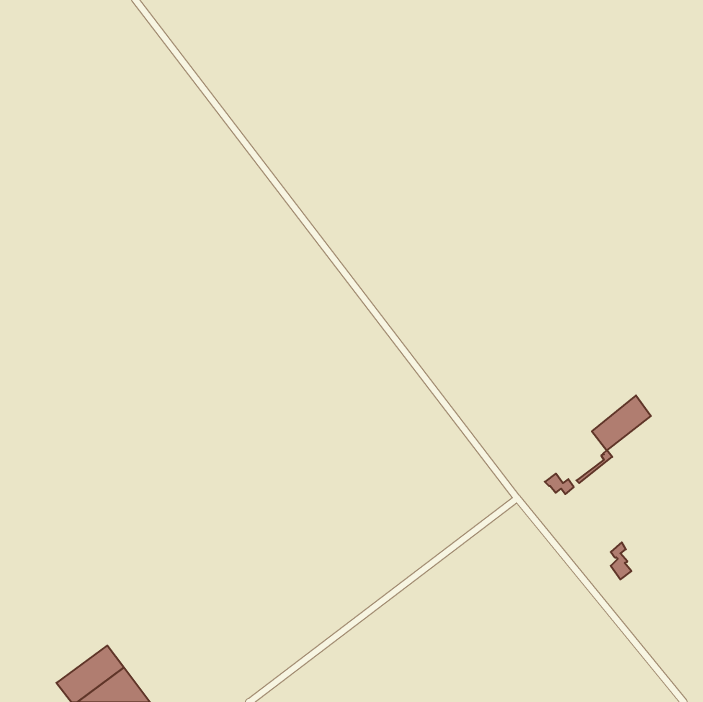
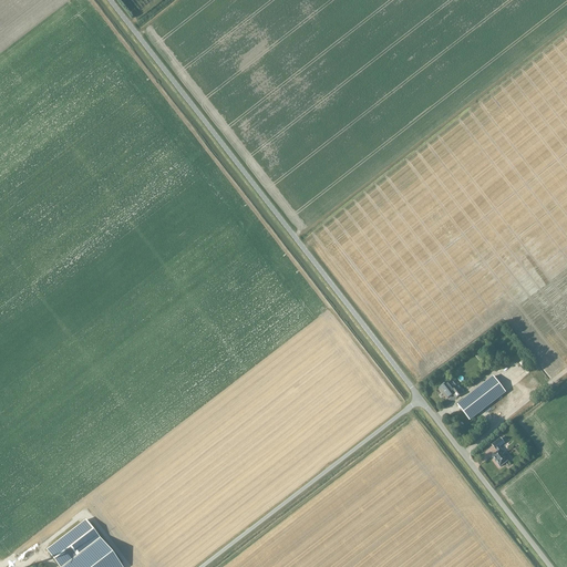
building: [592,395,651,450] -> [457,375,505,420]

